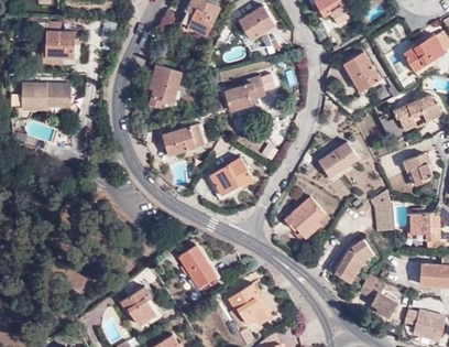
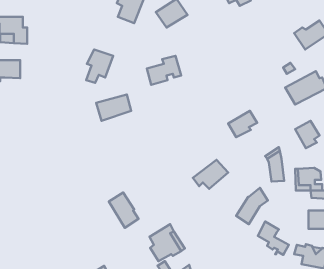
building: [343,55,380,94] -> none
building: [211,158,255,194] -> none
building: [120,285,155,325] -> none

